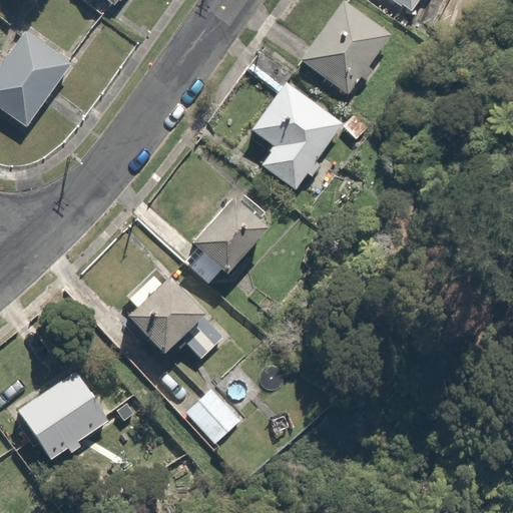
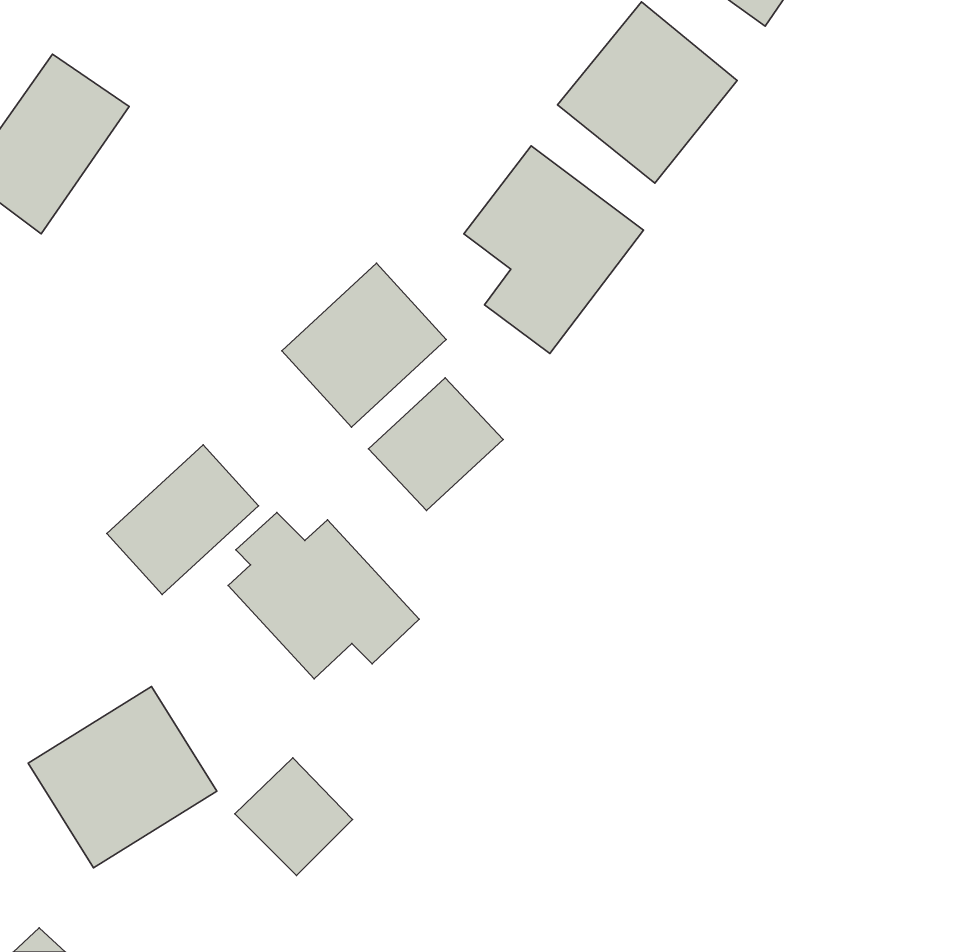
building: none -> [282,263,446,427]
building: none -> [107,445,258,595]
building: [182,385,245,448] -> [235,758,353,876]

